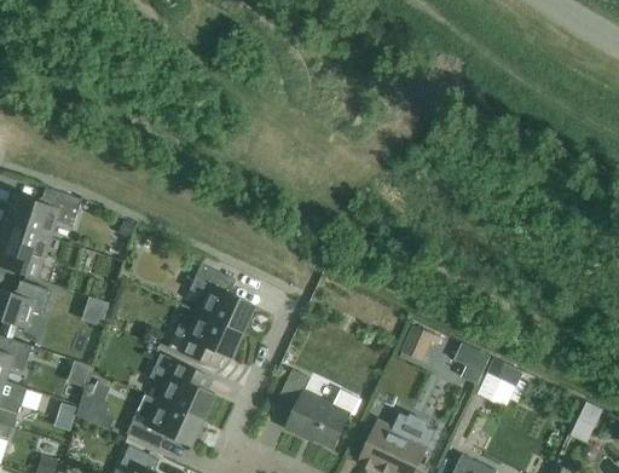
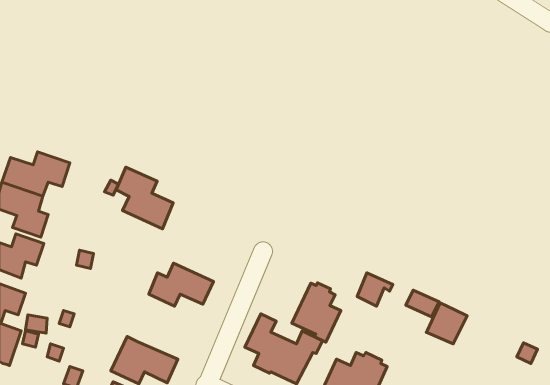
building: [189,265,253,334] -> [116,167,173,229]
building: none -> [292,283,341,342]
building: [149,354,213,421] -> none
building: [74,382,108,427] -> none

